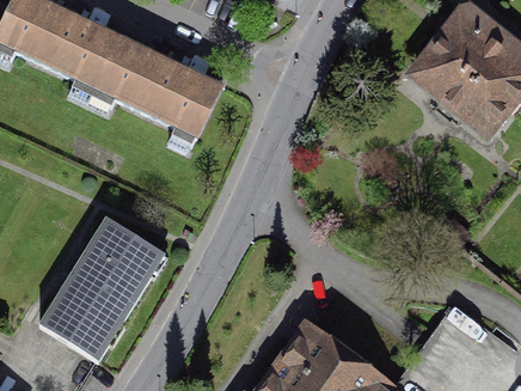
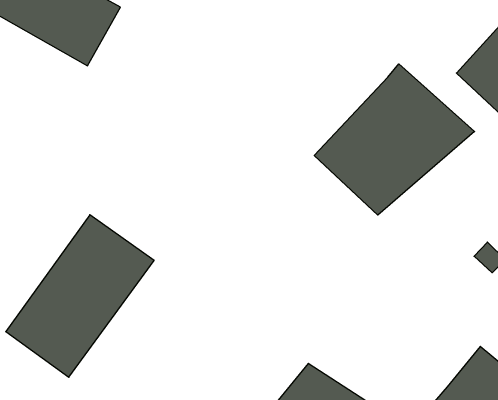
building: [93,36,220,136] -> none
building: none -> [314,64,475,215]

